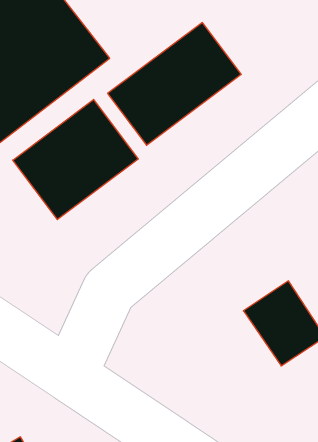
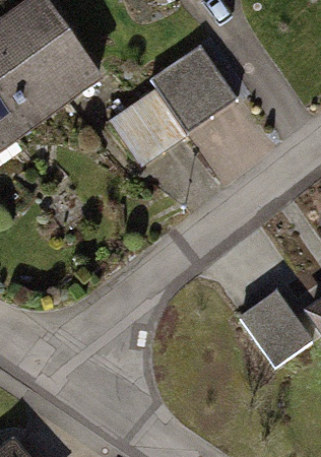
building: [13,99,138,220] -> none

